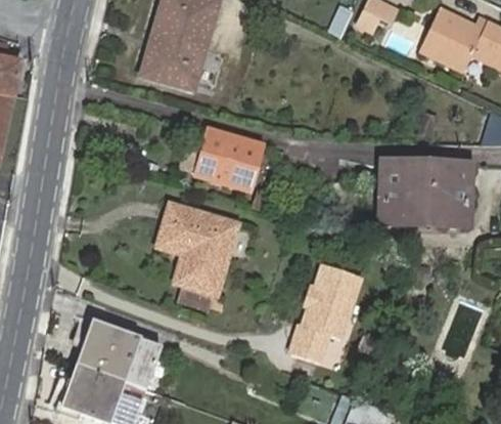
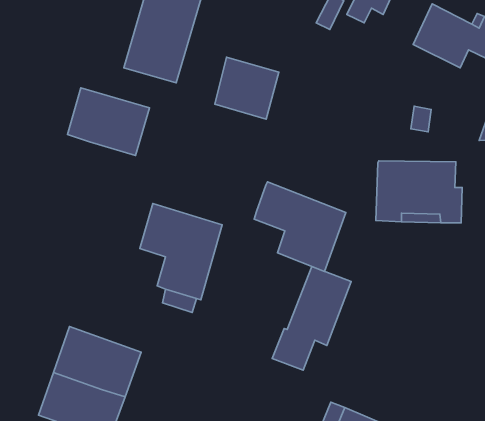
building: none -> [67,88,150,155]
building: [198,130,260,189] -> [215,57,279,119]
building: none -> [254,182,346,271]

